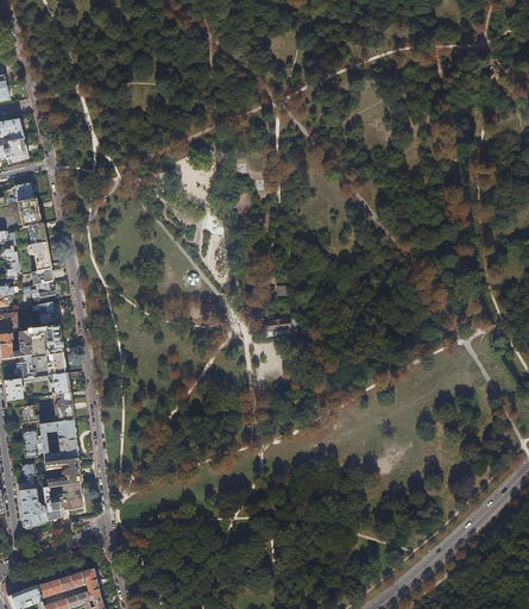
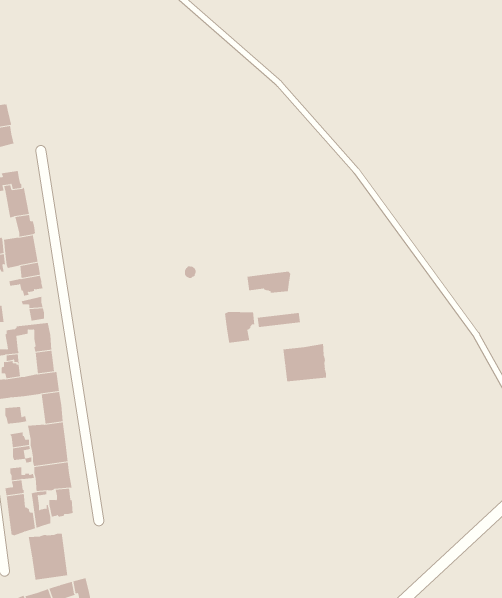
building: none -> [247,271,291,294]
building: none -> [225,311,255,344]
building: none -> [283,343,327,382]
building: none -> [28,533,68,581]

